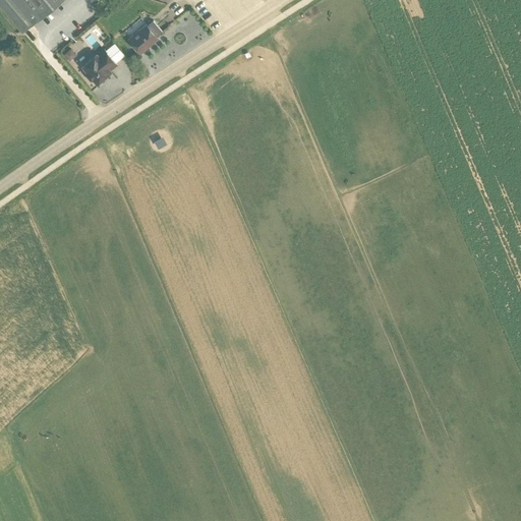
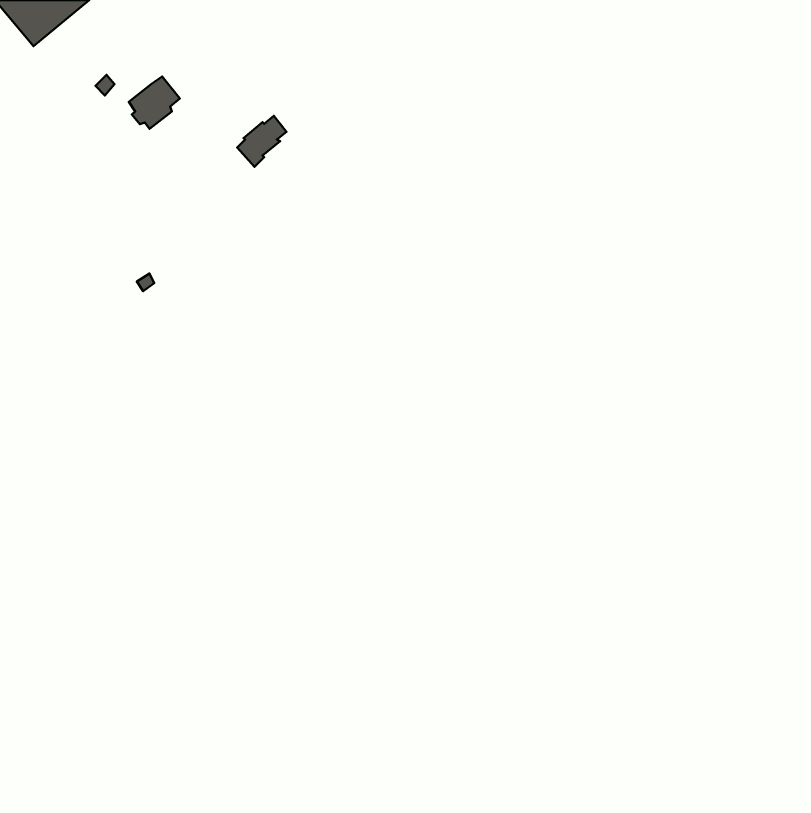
building: [129,20,161,53] -> [237,116,286,167]

